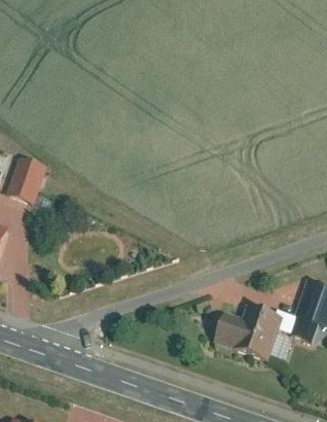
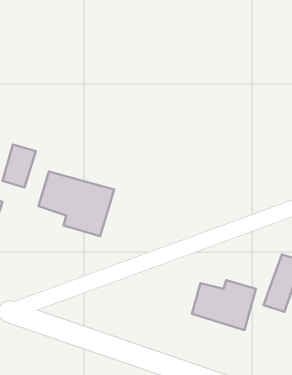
building: none -> [38,172,114,236]

